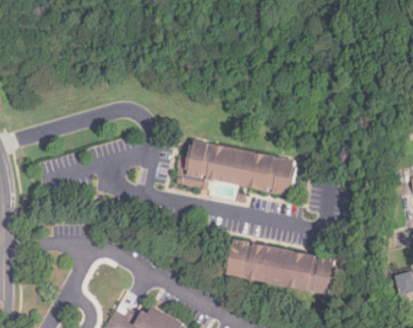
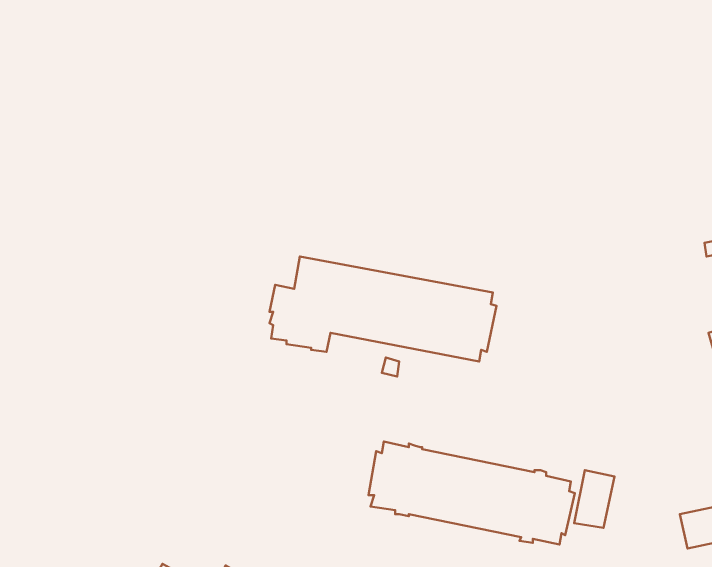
building: none -> [574,470,614,528]

